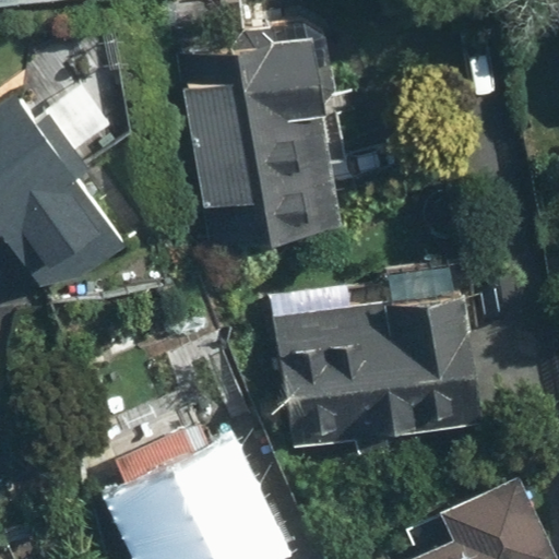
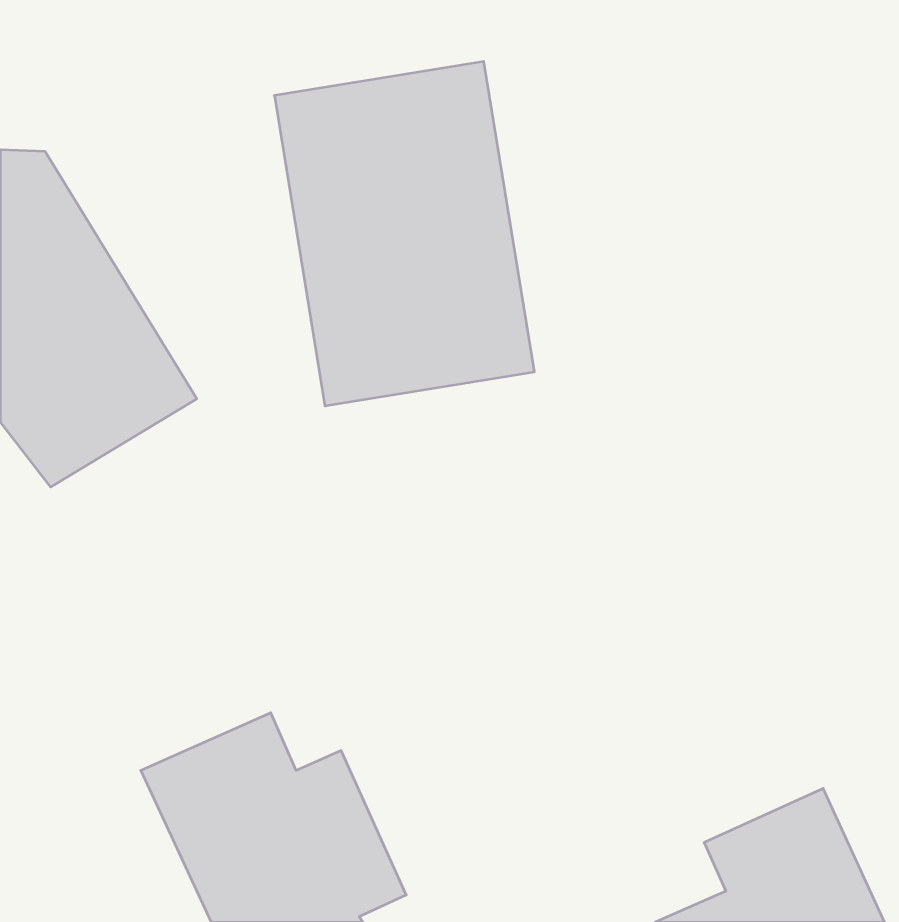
building: [278,294,480,441] -> none

